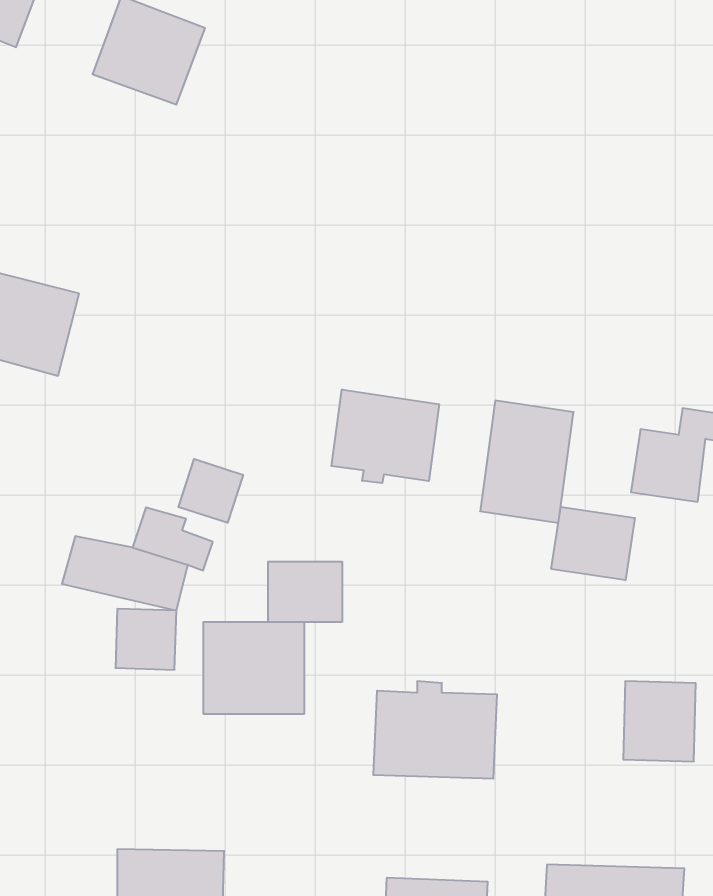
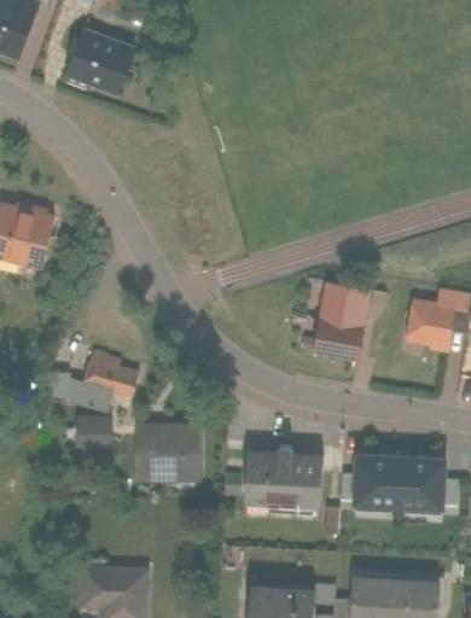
building: [331,389,439,483] -> none
building: [178,459,243,523] -> none
building: [551,507,635,580] -> none
building: [268,562,342,622] -> none
building: none -> [356,459,402,509]

